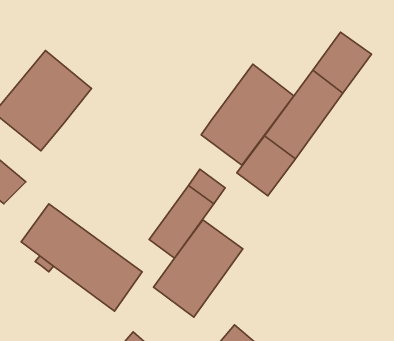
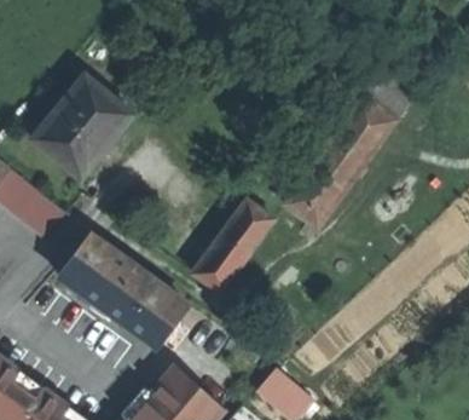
building: [201,64,294,165] -> none
building: [154,220,243,317] -> none

